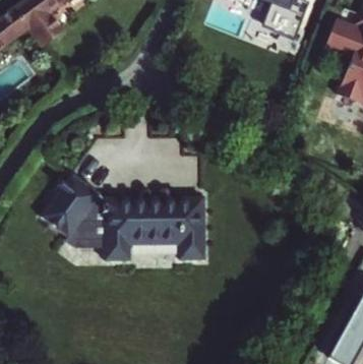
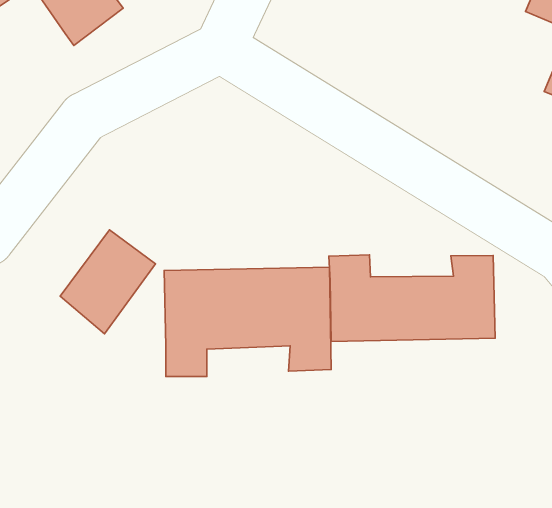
building: none -> [329,255,495,341]
building: [71,194,108,243] -> none

